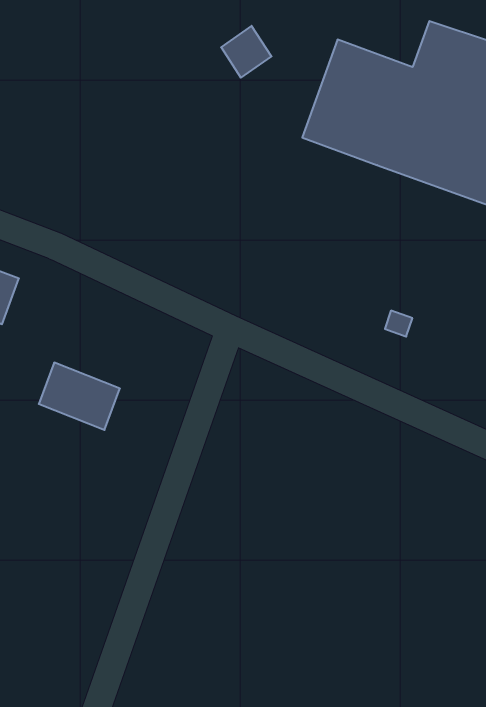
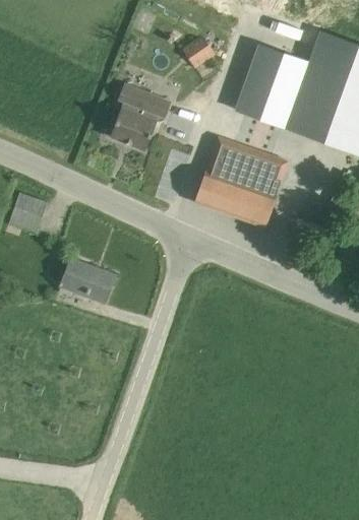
building: none -> [110,82,171,151]
building: none -> [194,138,288,228]

